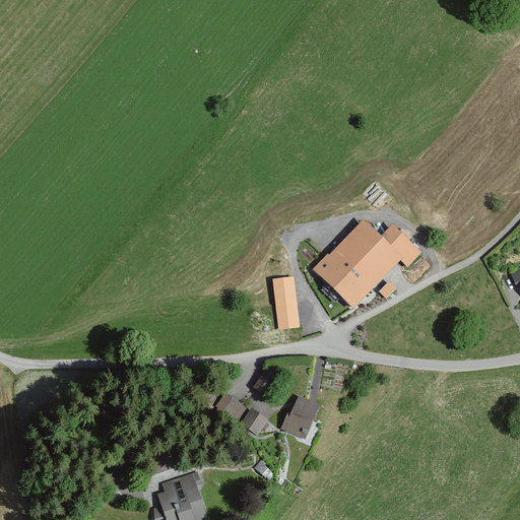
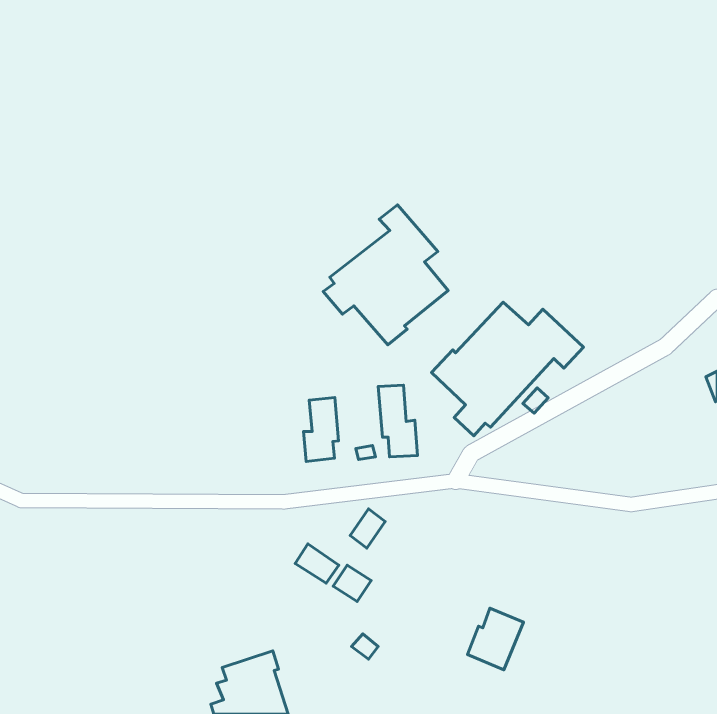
building: none -> [323,205,448,345]
building: none -> [303,398,339,461]
building: [281,394,322,439] -> [467,608,524,670]

